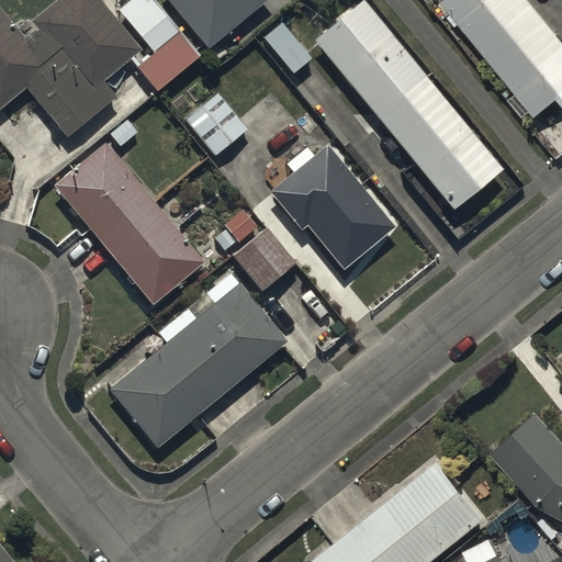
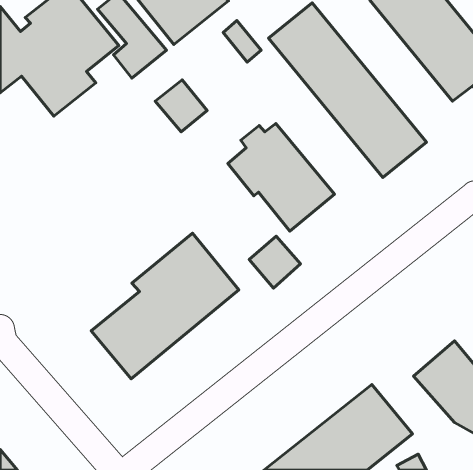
building: [54,146,205,307] -> none
building: [234,232,294,293] -> [249,236,300,288]

